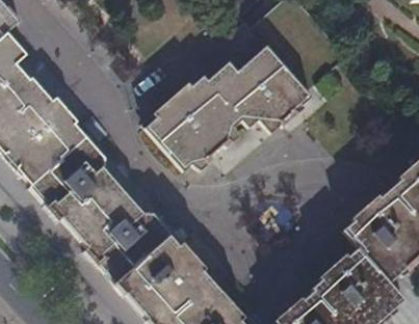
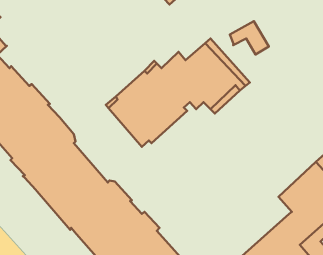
building: none -> [230,21,269,54]

